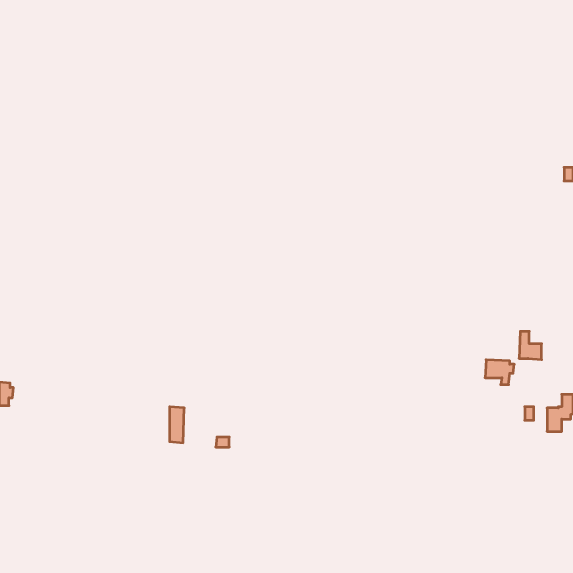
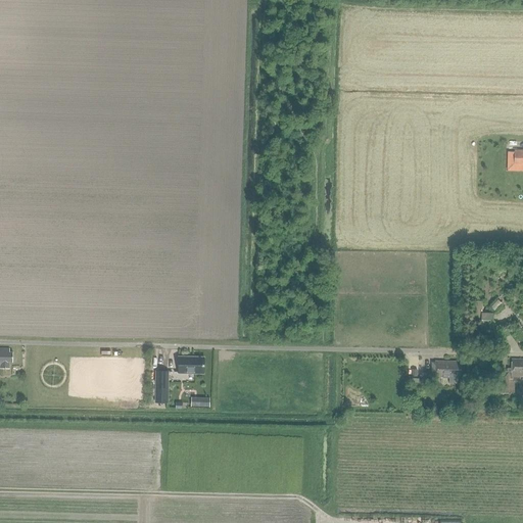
building: [485,360,514,385] -> [433,361,460,383]
building: none -> [177,356,203,373]

